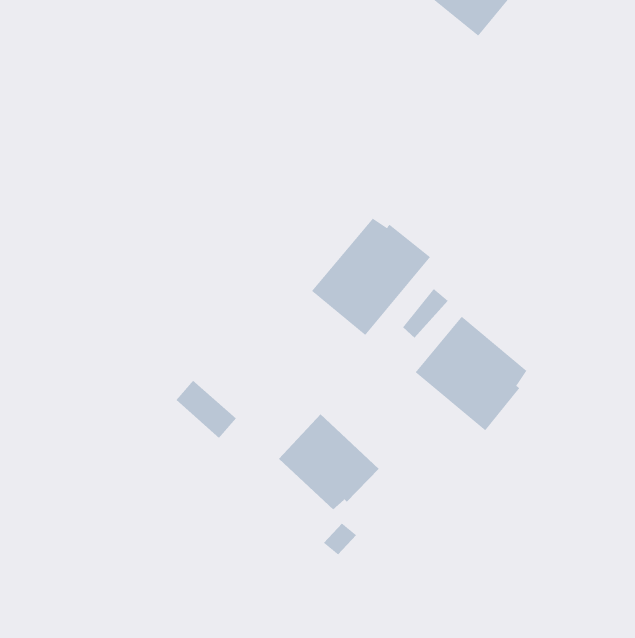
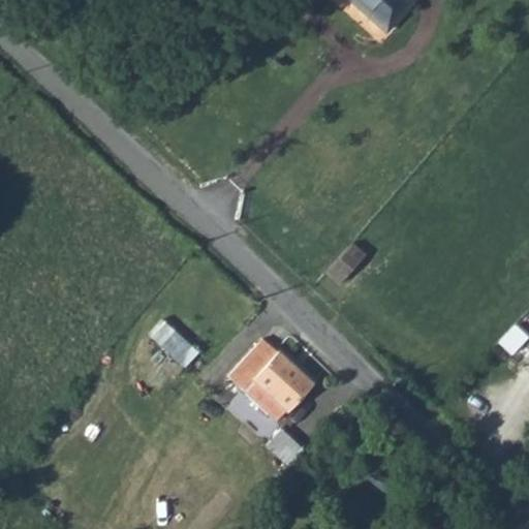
building: [311,218,431,336] -> none
building: [415,316,527,431] -> none

